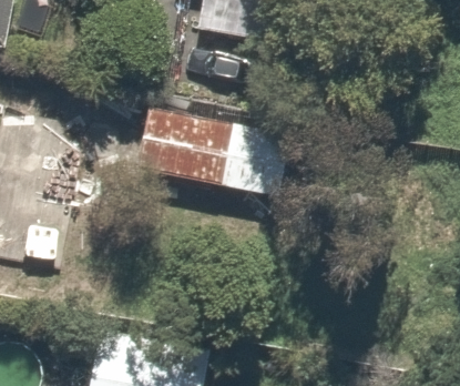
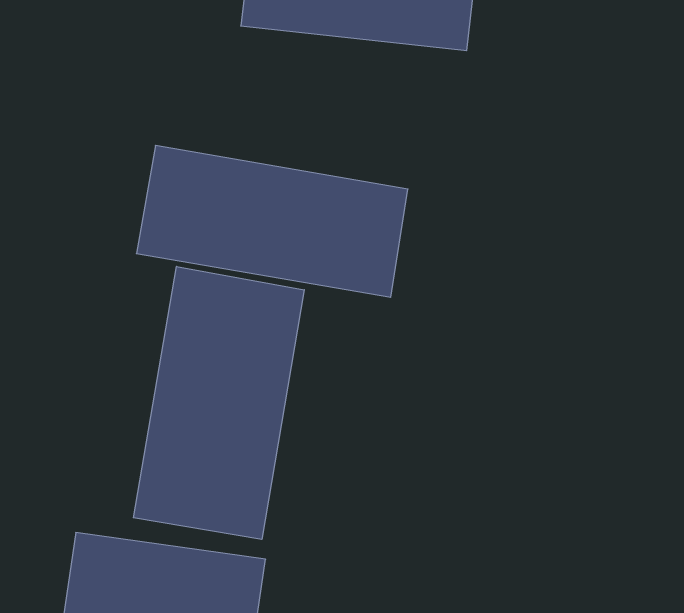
building: none -> [133,266,304,539]

